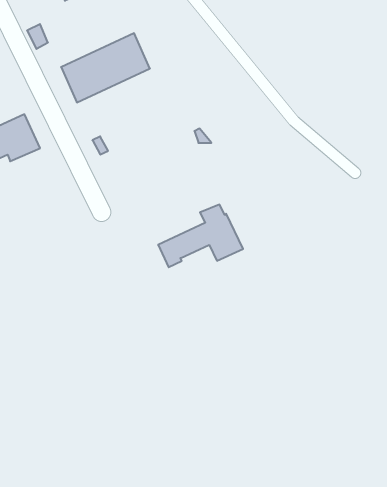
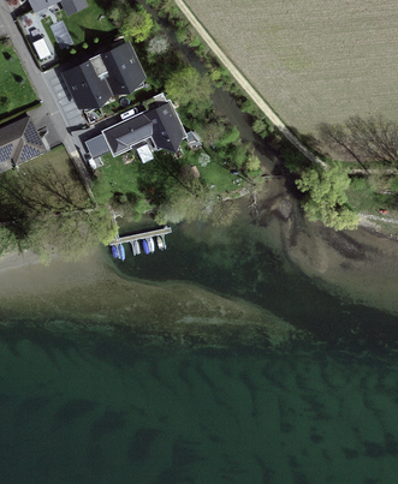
building: [158,205,243,267] -> [105,95,183,153]

